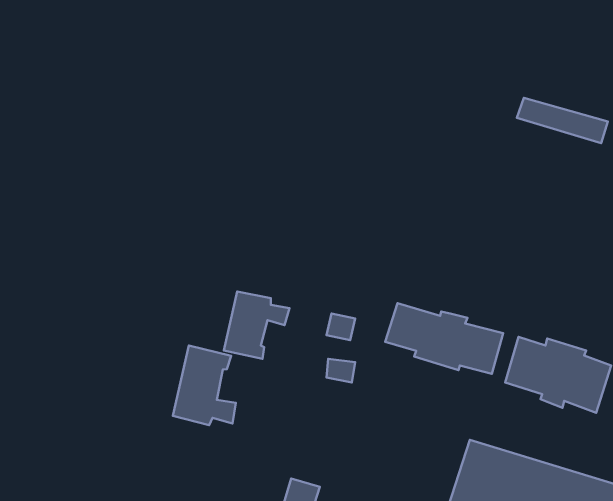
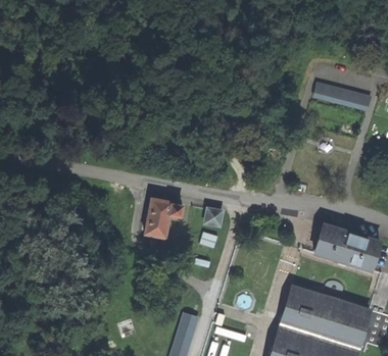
building: [385,303,503,374] -> none
building: [173,346,236,425] -> none

